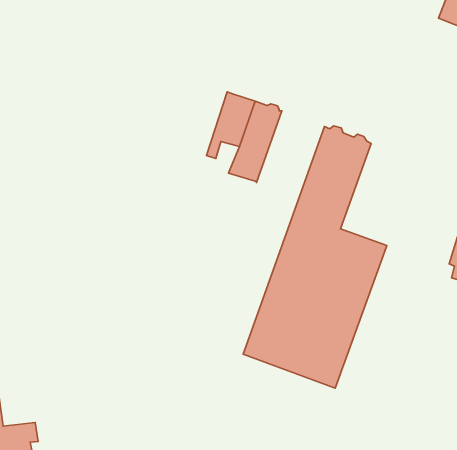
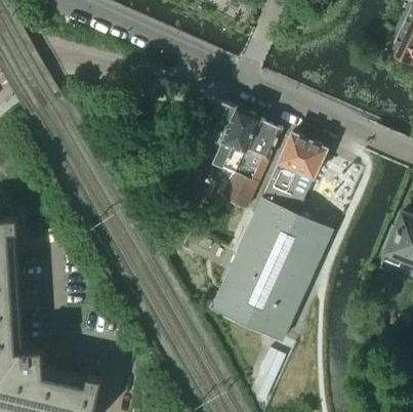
building: none -> [223,117,283,208]

